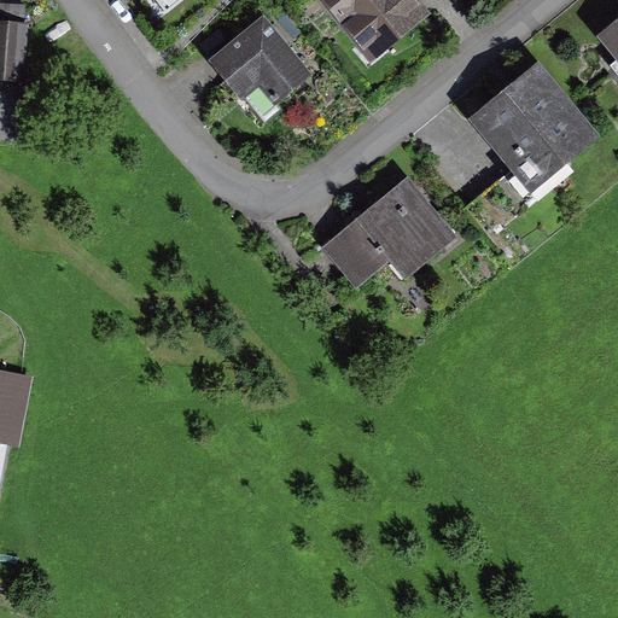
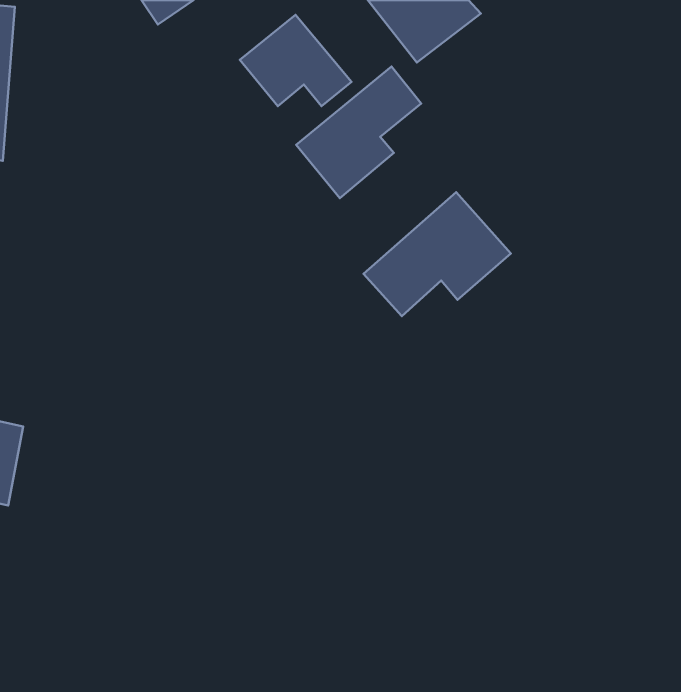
building: none -> [296,66,421,198]
building: [478,69,594,186] -> none

